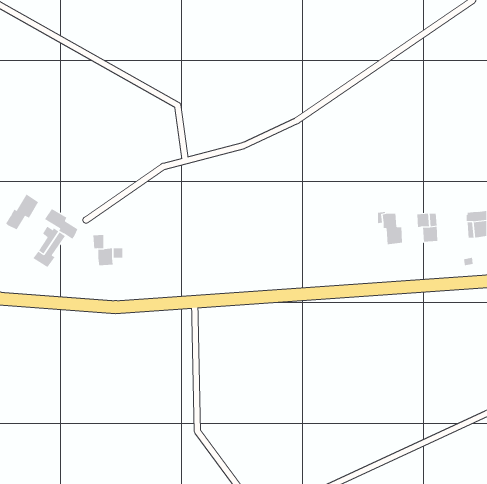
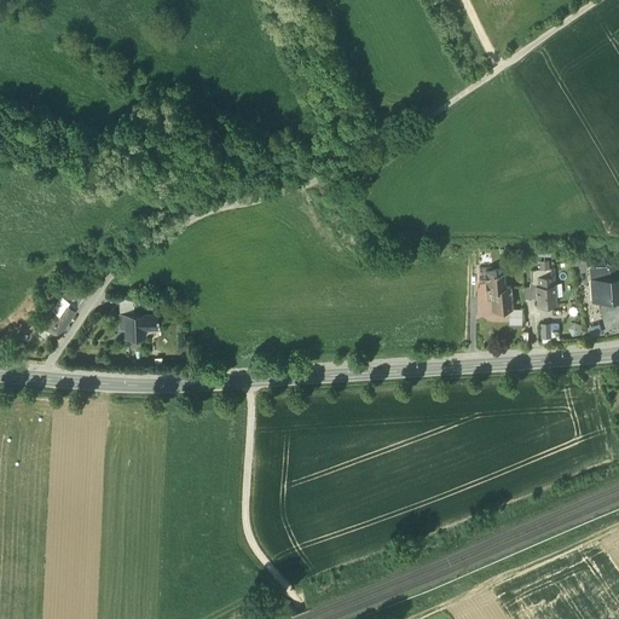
building: [5,194,39,230] -> none
building: [44,208,78,239] -> none

